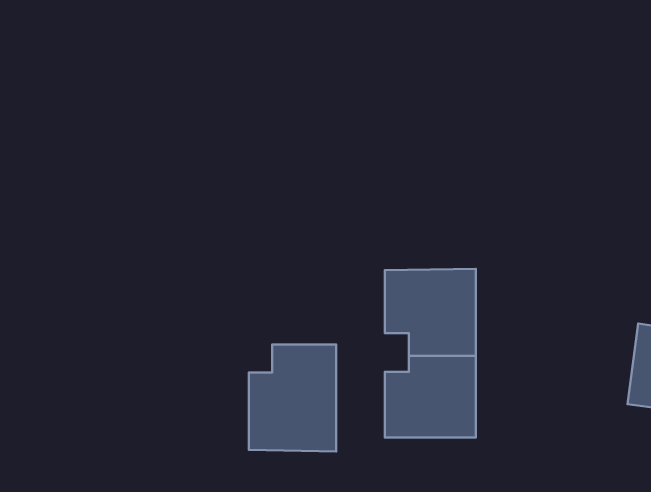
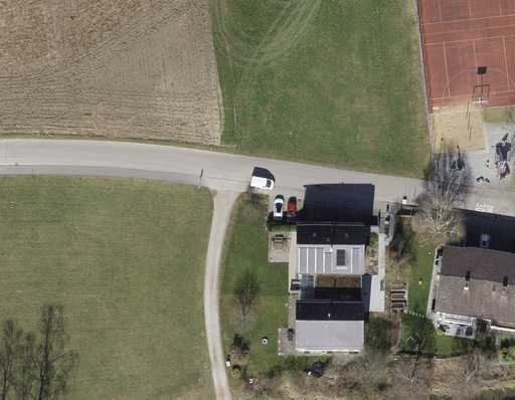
building: none -> [434,254,487,321]
building: [249,345,336,452] -> none

